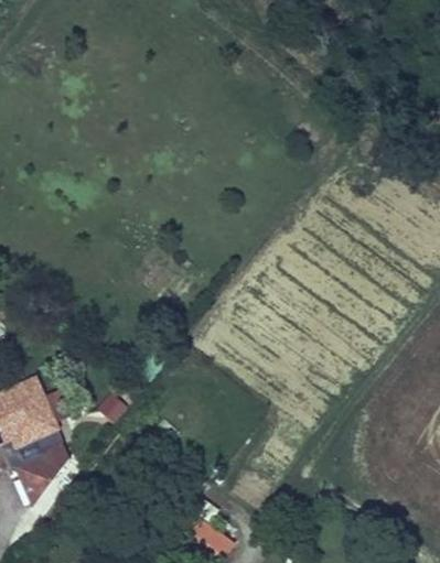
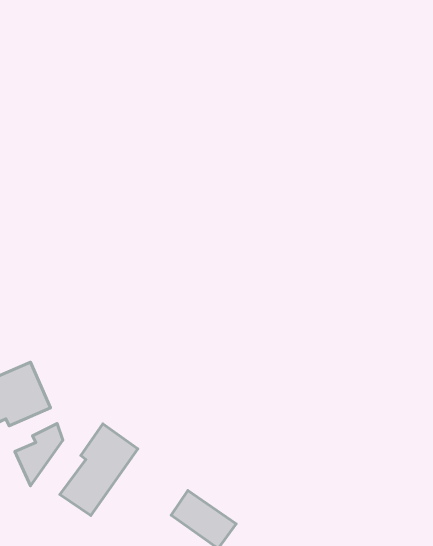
building: none -> [60,424,138,515]

